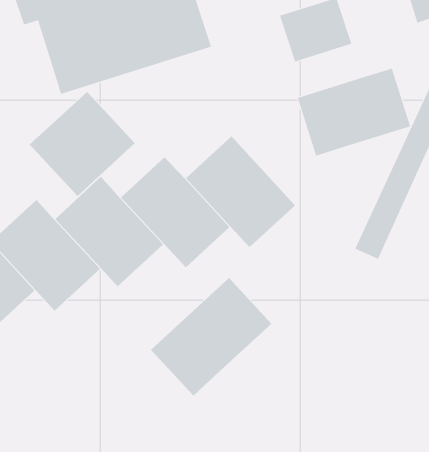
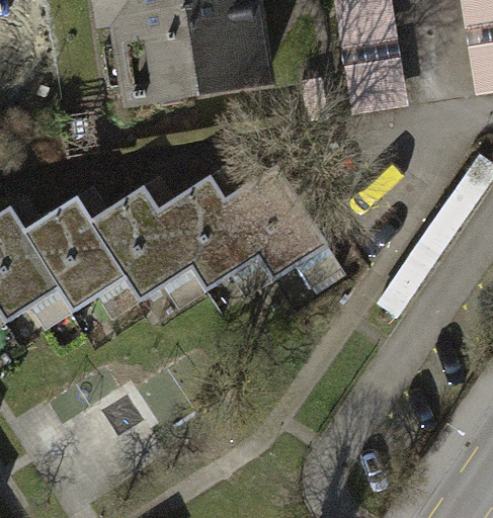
building: [297,68,411,157] -> none
building: [29,91,136,197] -> none
building: [150,277,272,396] -> none

